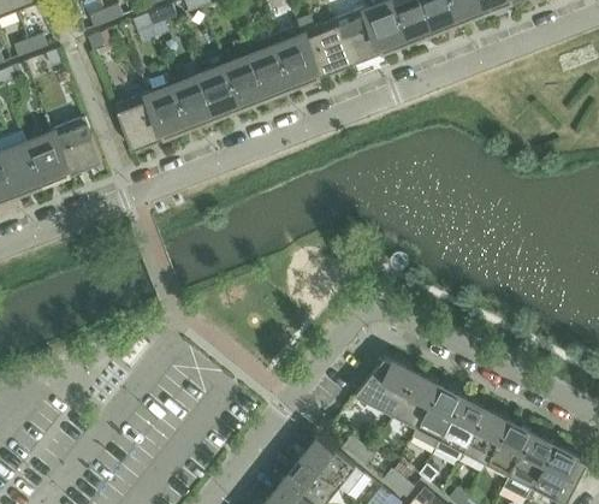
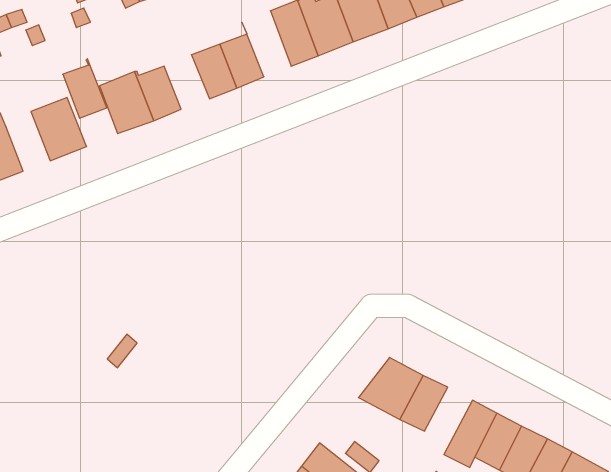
building: [247,35,292,96] -> none
building: [174,76,217,126] -> none
building: [28,129,69,184] -> [63,59,107,118]
building: [413,385,461,447] -> none

